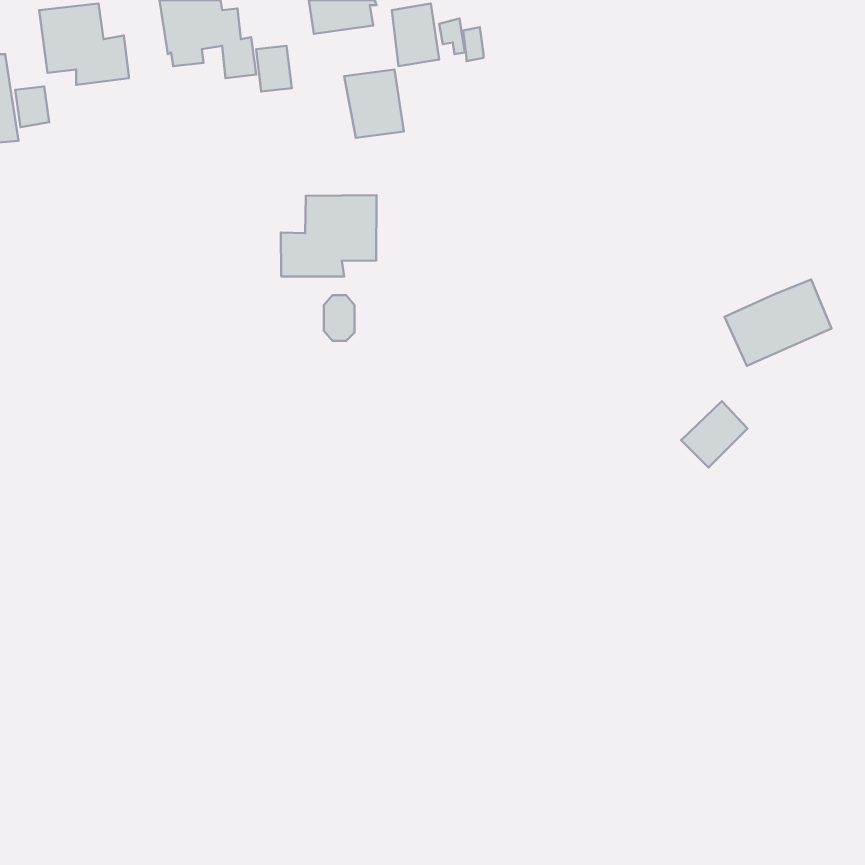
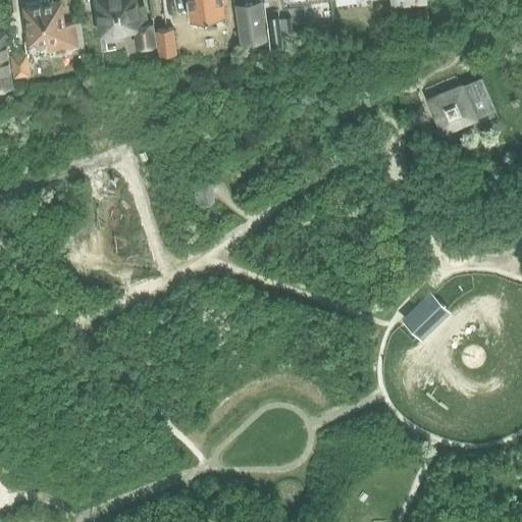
building: [344,69,404,138] -> none
building: [281,195,376,277] -> none
building: [725,279,831,366] -> [429,79,493,130]
building: [681,401,747,467] -> [404,297,443,336]

